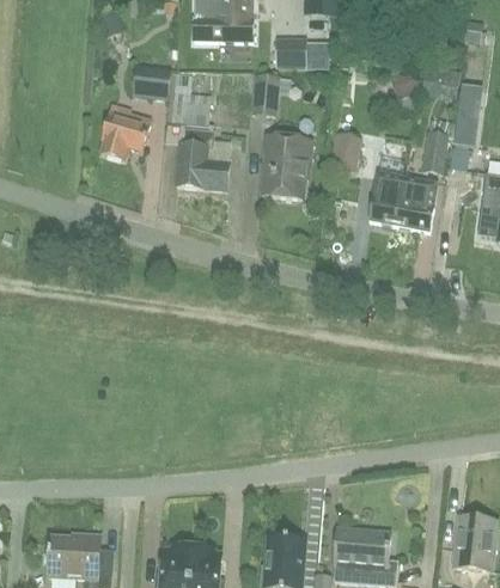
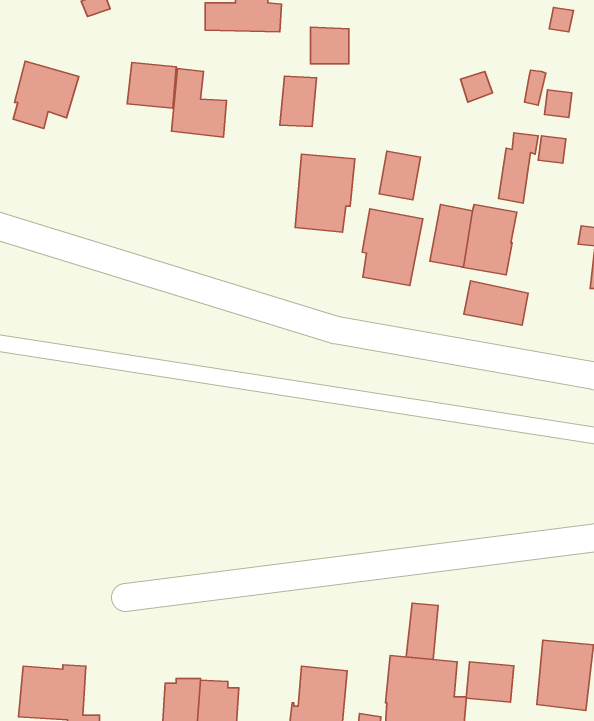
building: [100,105,152,158] -> [13,61,79,128]
building: [176,127,230,190] -> none
building: none -> [362,209,423,286]
building: none -> [464,281,528,325]
building: none -> [406,603,438,659]
building: none -> [466,662,514,702]

